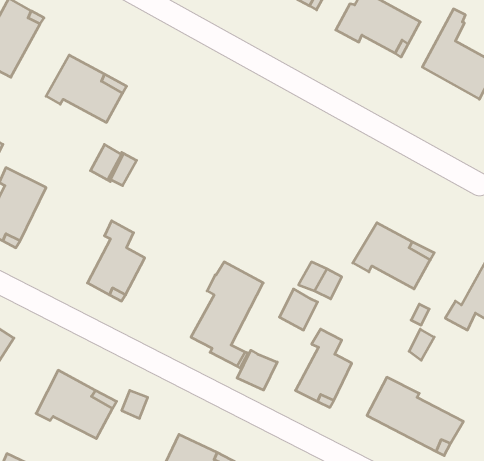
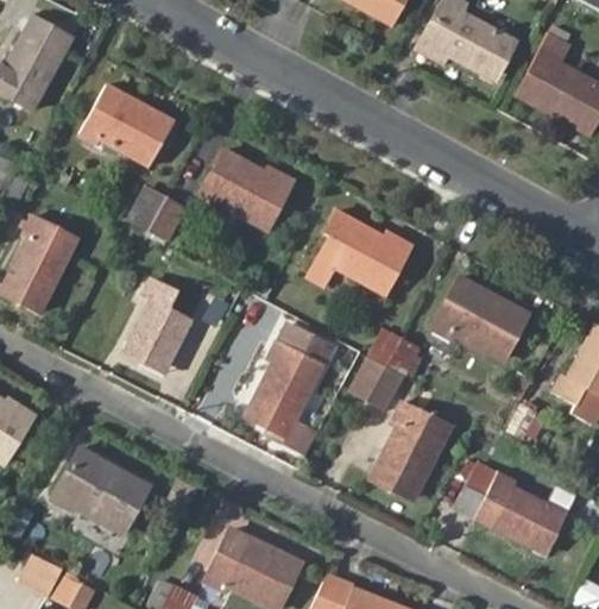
building: none -> [195,145,294,227]
building: none -> [310,209,415,294]
building: [237,350,277,390] -> none

